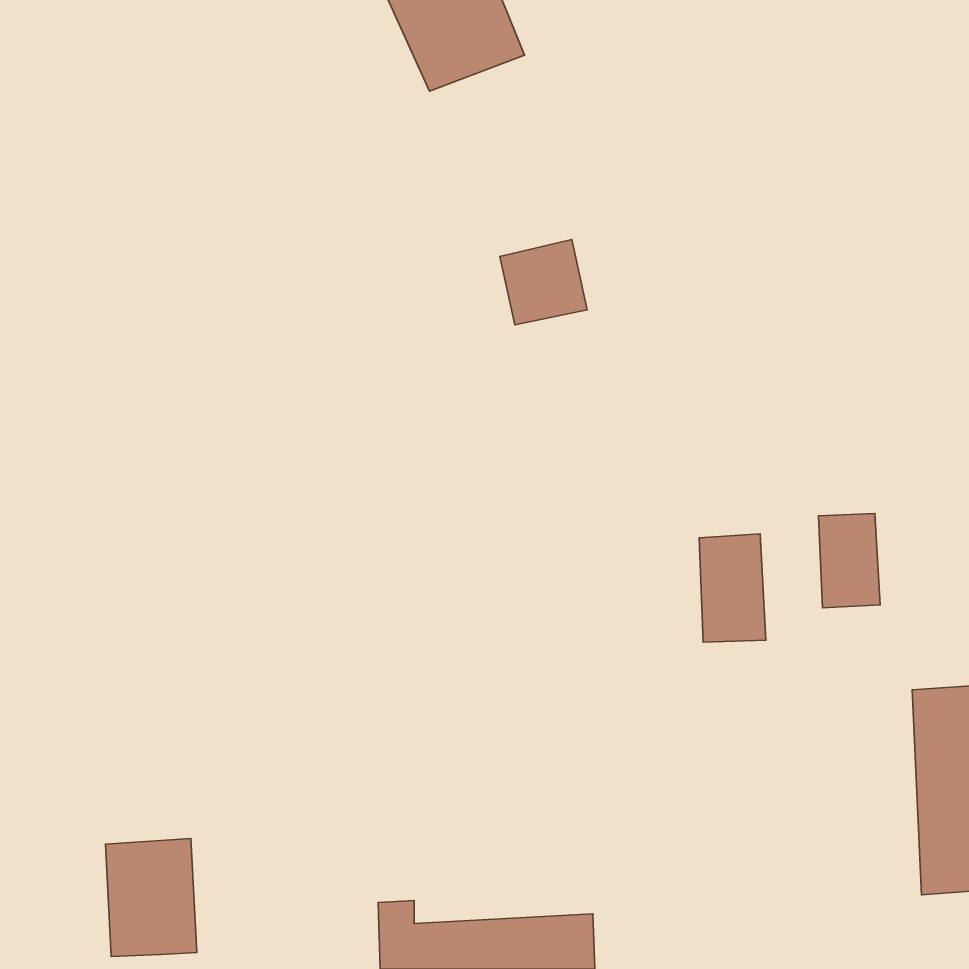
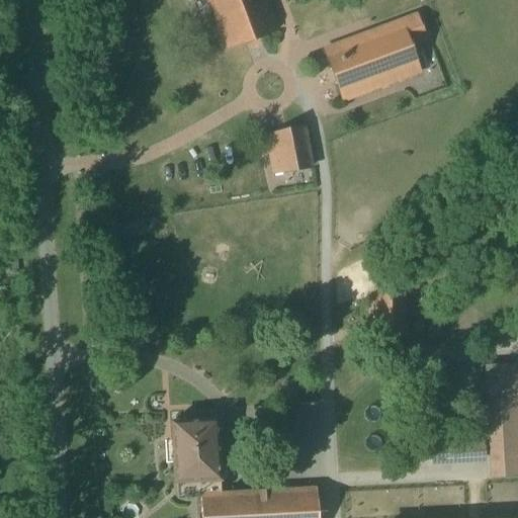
building: none -> [328,15,426,101]
building: [819,513,880,608] -> none
building: [105,839,197,956] -> [173,419,222,482]

